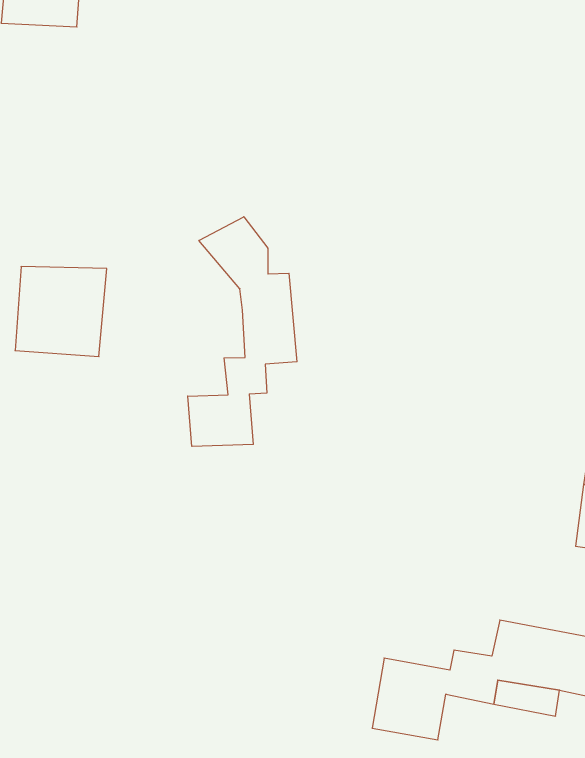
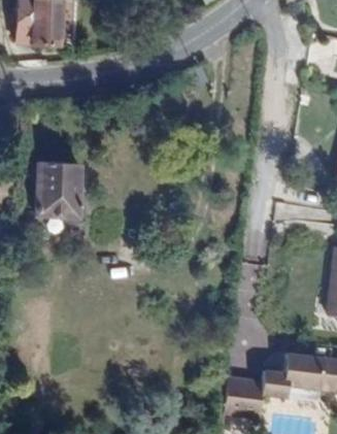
building: [188,217,297,446] -> none

